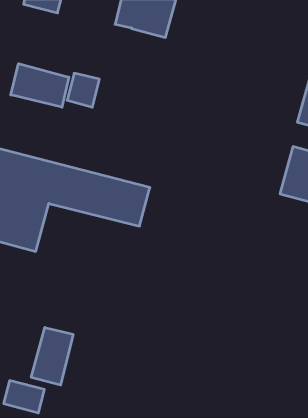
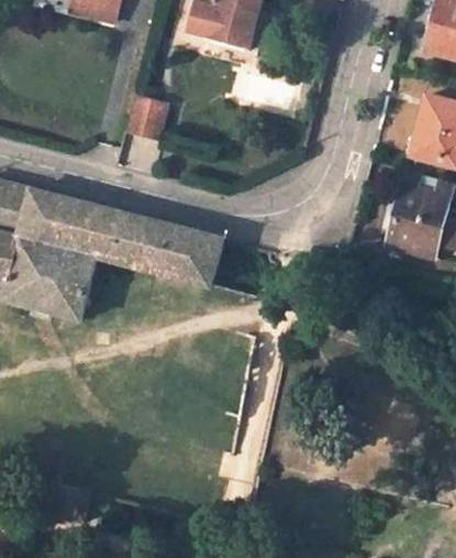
building: [11,64,69,107] -> none
building: [31,327,73,385] -> none

